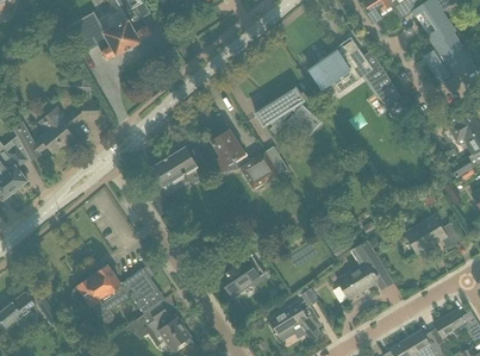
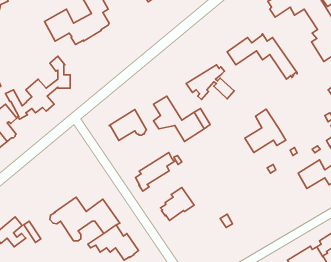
building: none -> [135,153,175,191]
building: [337,241,392,299] -> [245,109,286,153]
building: [268,301,323,342] -> none

